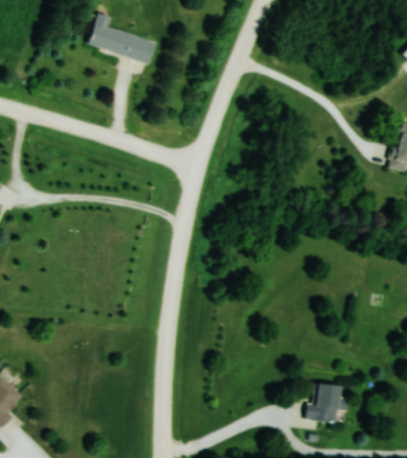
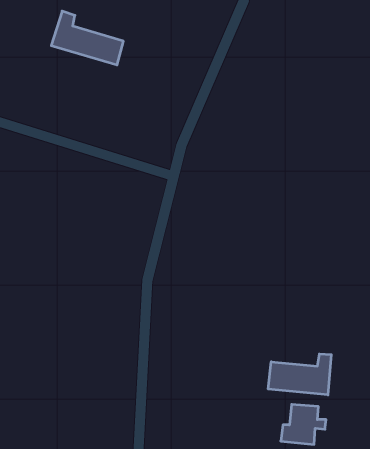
building: none -> [268,354,331,395]

